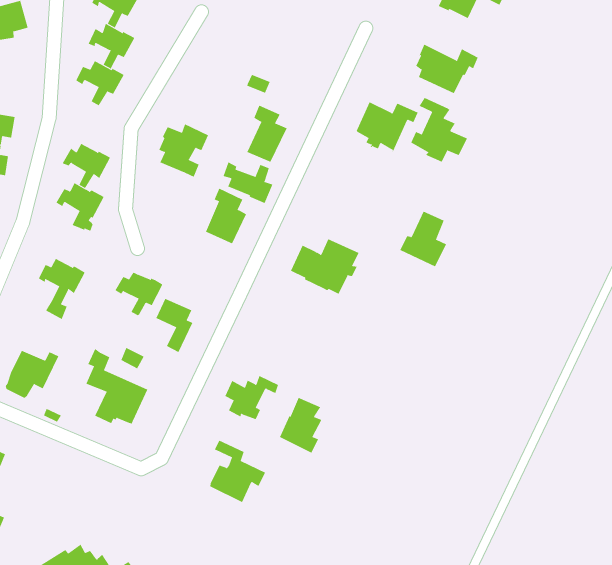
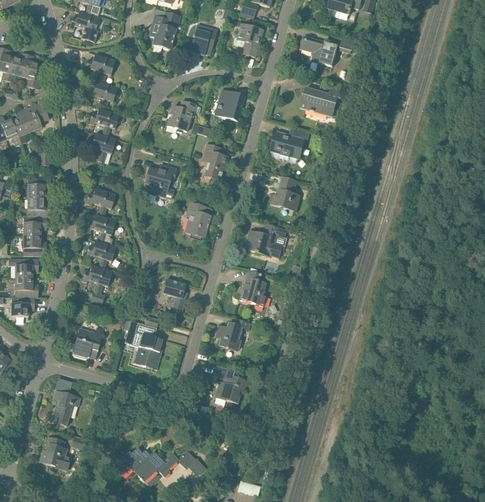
building: none -> [215,90,243,120]
building: none -> [167,101,196,131]
building: [410,97,468,162] -> none
building: [223,162,273,204] -> none
building: [400,211,447,267] -> [271,176,301,211]
building: [114,272,163,316] -> [85,241,116,269]
building: [279,397,322,454] -> [240,271,266,306]

